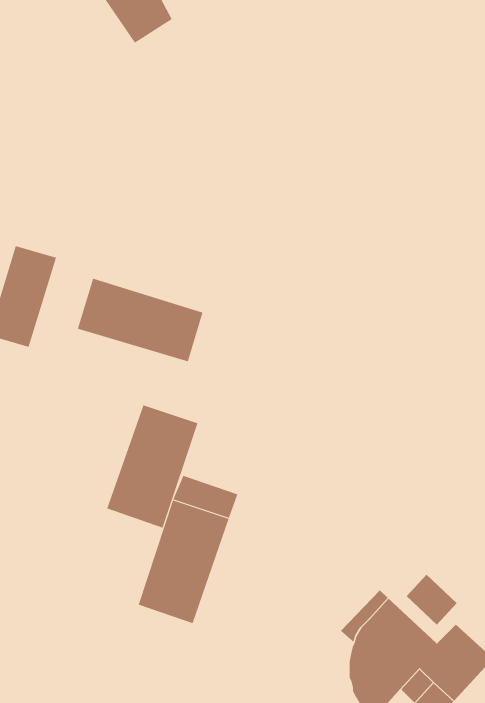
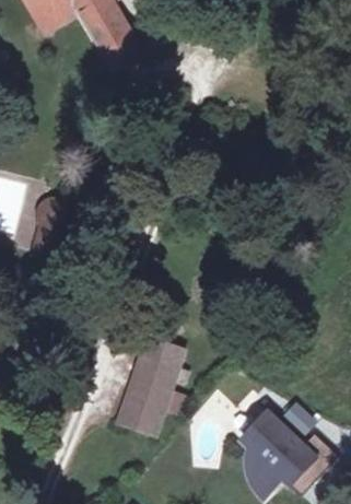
building: [77,278,203,362] -> none
building: [107,405,198,528] -> none

